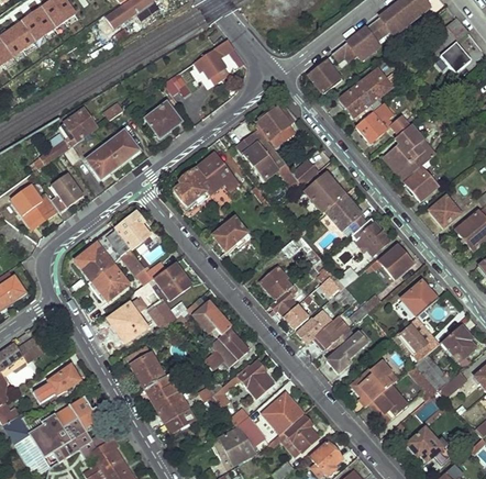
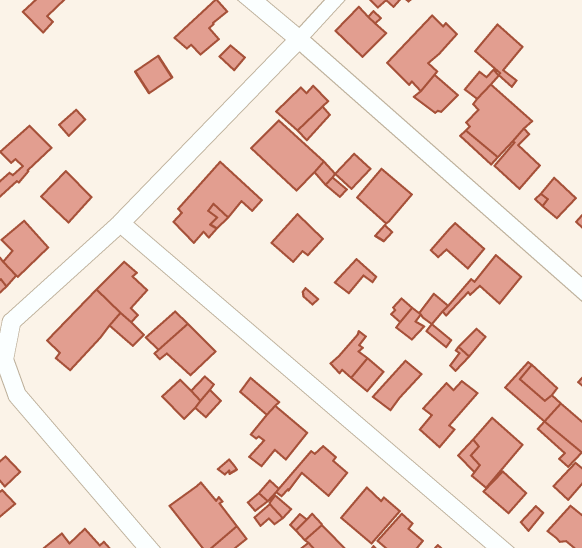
building: none -> [475,25,522,87]
building: [145,101,181,136] -> none
building: [104,130,140,165] -> none
building: [325,194,367,238] -> none
building: [213,218,250,250] -> [272,214,323,262]
building: [88,264,129,300] -> none
building: [261,267,292,300] -> none
building: [109,280,154,339] -> none
building: [401,281,440,316] -> none
building: [316,321,350,348] -> none
building: [126,344,165,388] -> none
building: [48,365,80,393] -> none

